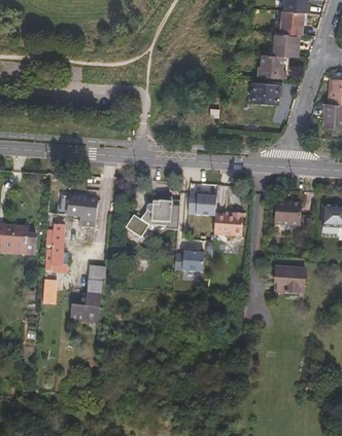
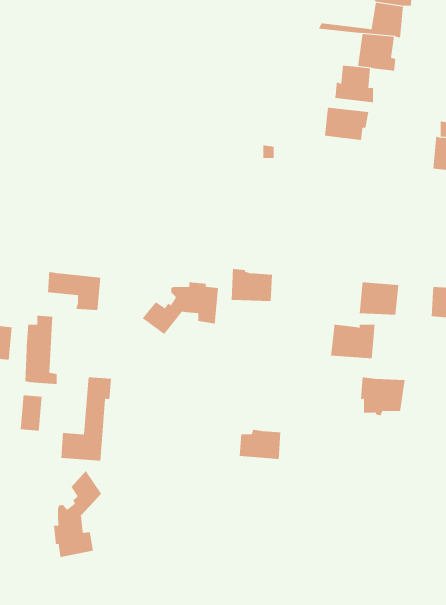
building: [212,212,243,235] -> [330,324,375,359]
building: [174,250,203,270] -> [239,429,281,459]
building: none -> [54,470,102,558]

